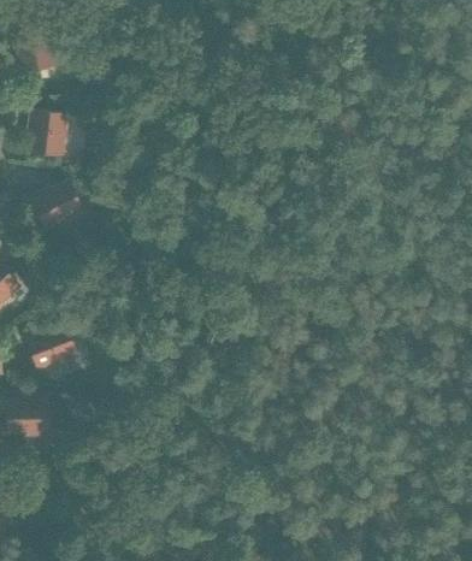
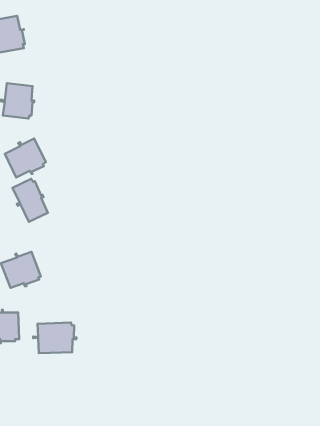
building: none -> [12,179,48,222]
building: none -> [33,323,76,353]

